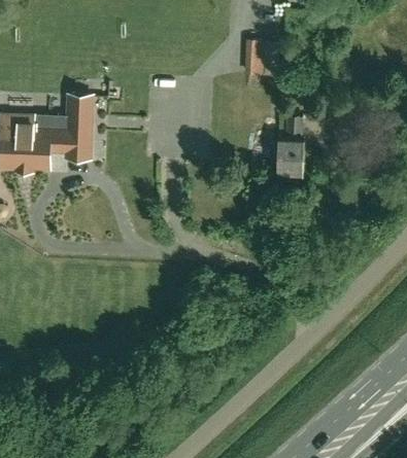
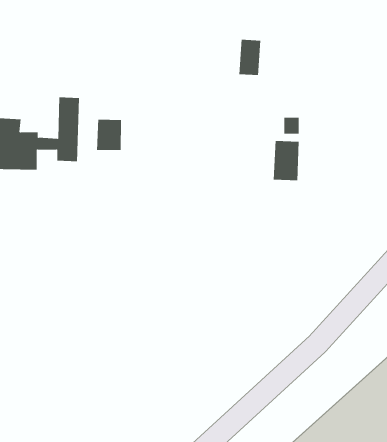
building: none -> [97,119,121,151]

